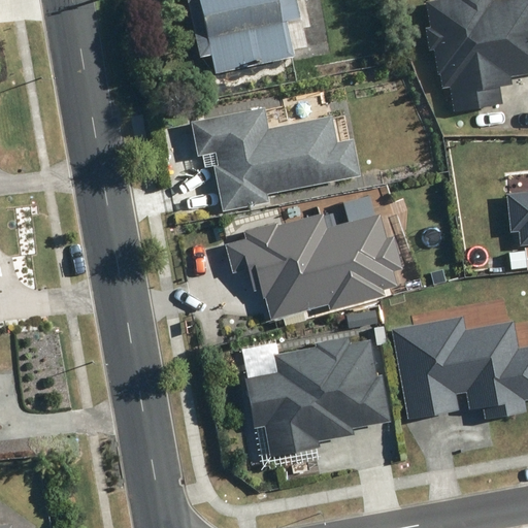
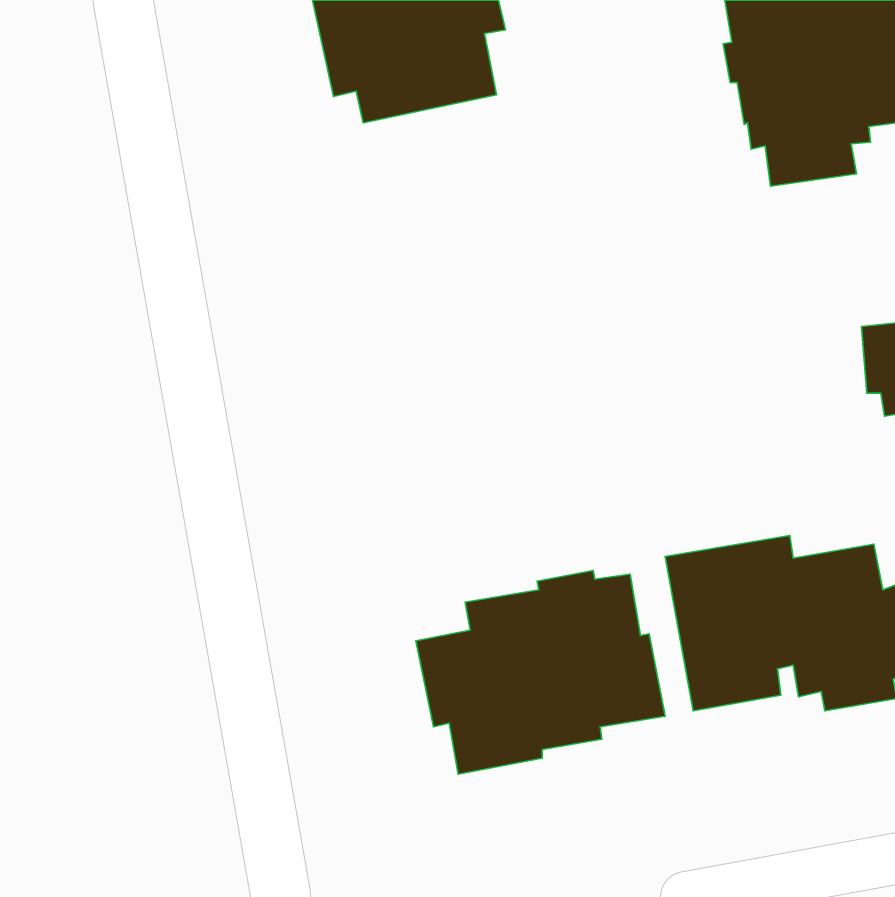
building: [191,104,361,209] -> none
building: [227,211,405,320] -> none

